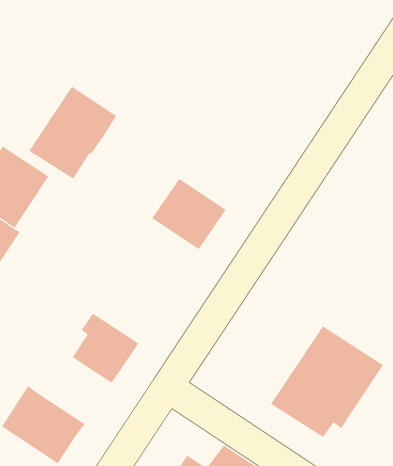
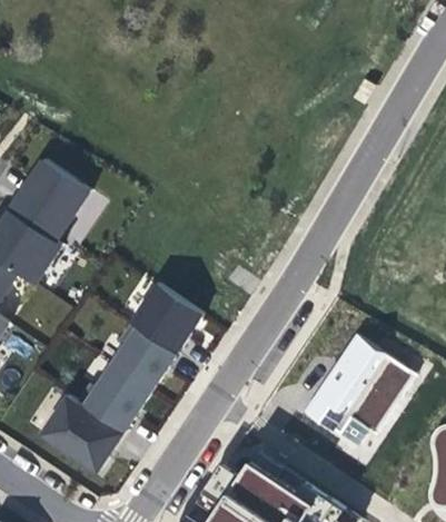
building: [28,86,117,180] -> none
building: [151,178,227,250] -> [130,283,204,353]
building: none -> [79,366,150,432]

